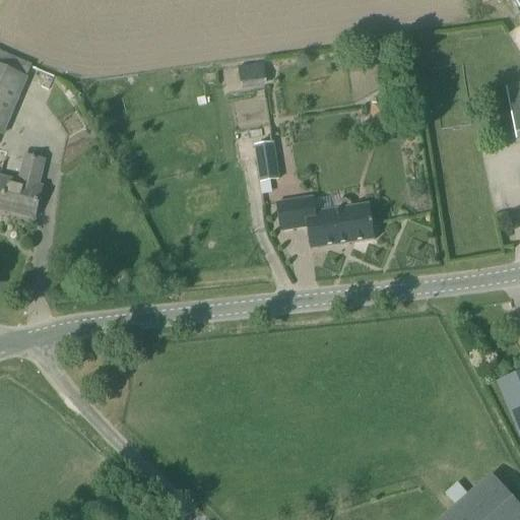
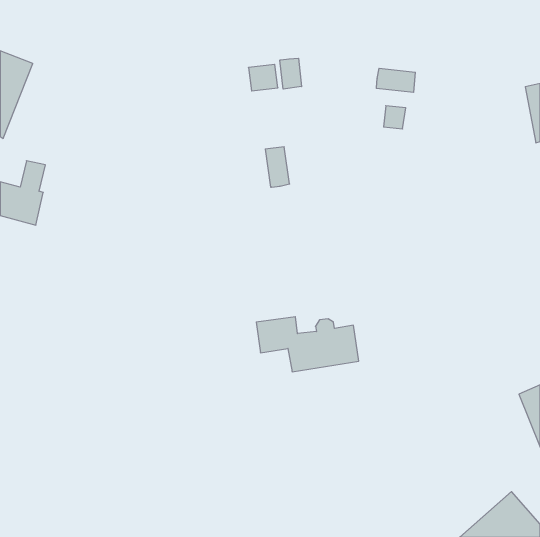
building: none -> [280,58,302,89]
building: none -> [376,68,415,92]
building: [276,195,375,248] -> [256,317,359,372]

